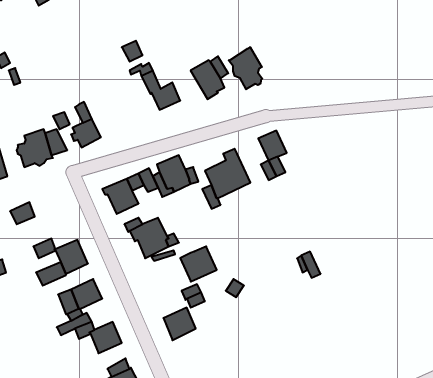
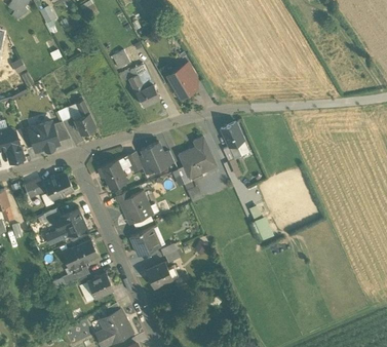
building: [229,47,262,89] -> none
building: none -> [44,172,73,198]
building: [180,246,217,282] -> [130,227,159,255]

